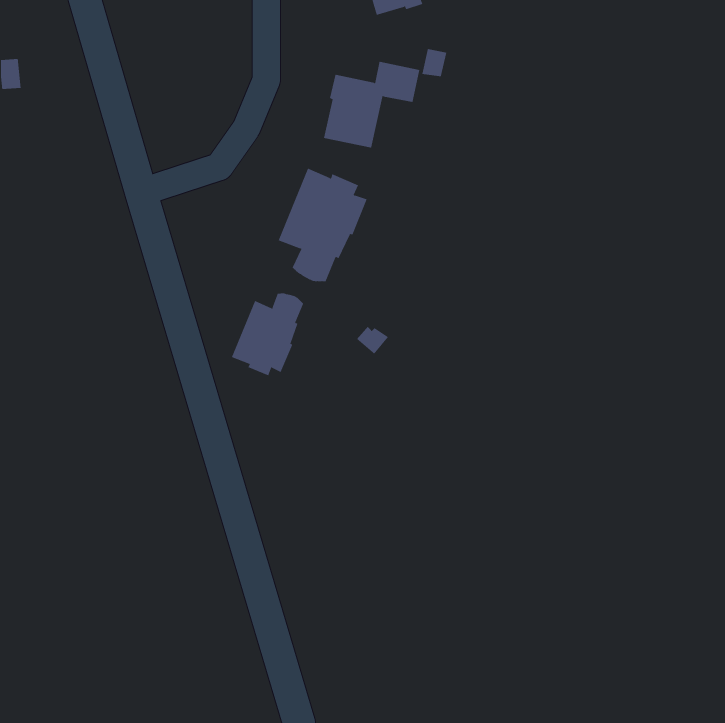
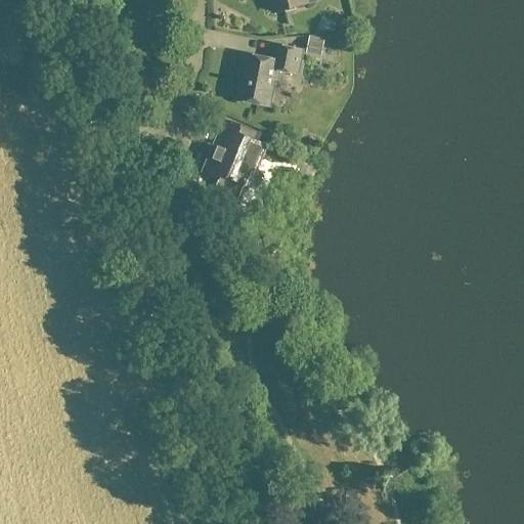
building: [231,293,304,376] -> none

